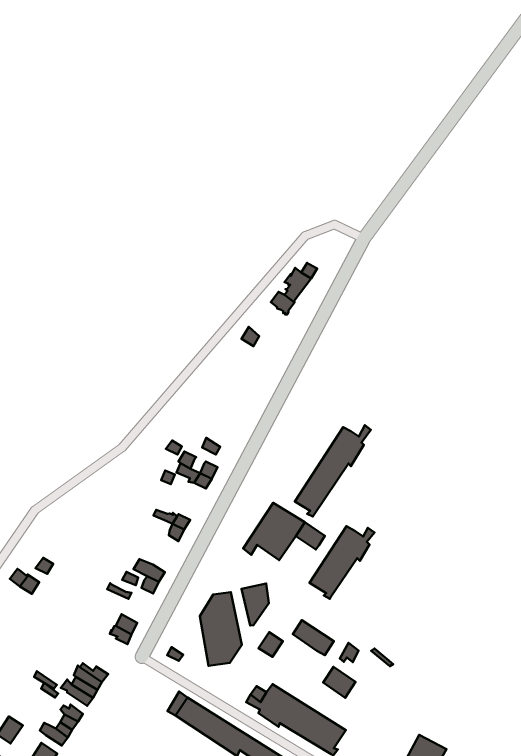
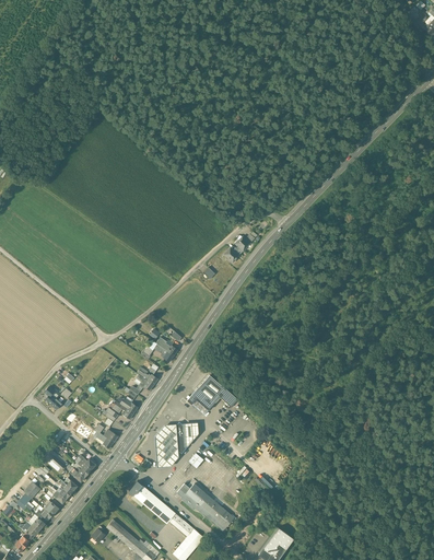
building: [295,425,371,517] -> none
building: [310,526,374,599] -> none

